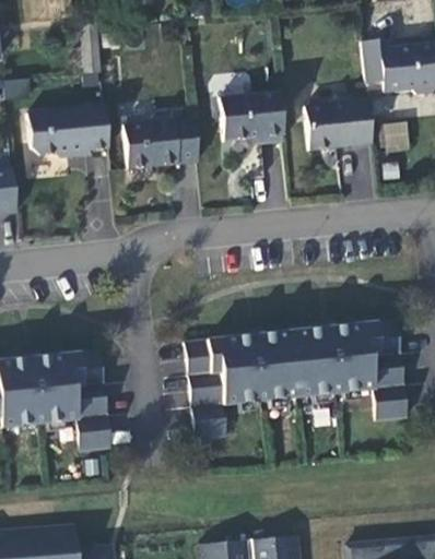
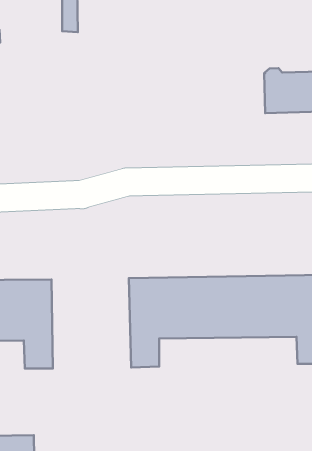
building: [223,92,286,143] -> none
building: [26,105,107,156] -> none
building: [127,110,201,165] -> none

